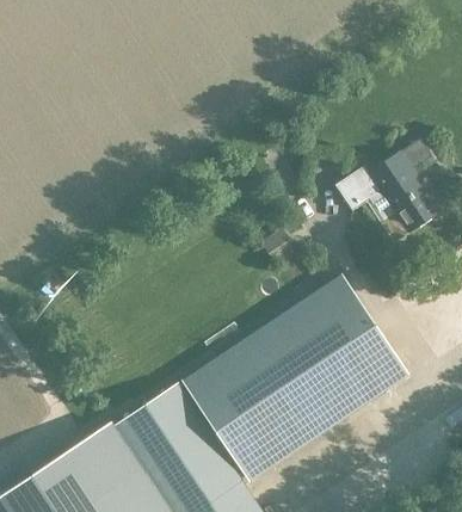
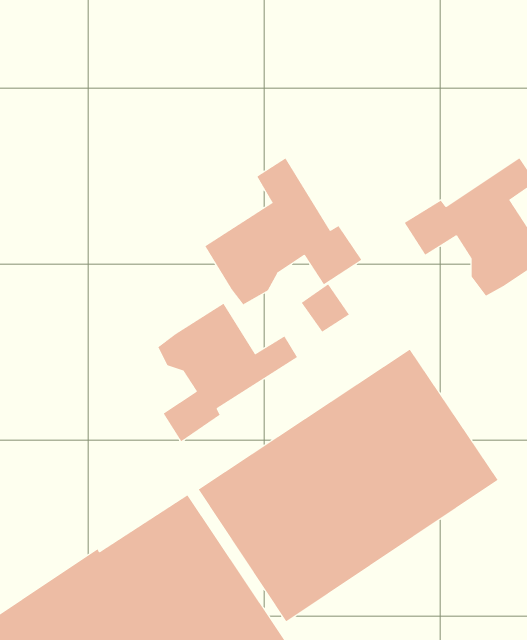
building: none -> [204,158,362,305]
building: none -> [157,303,298,442]

